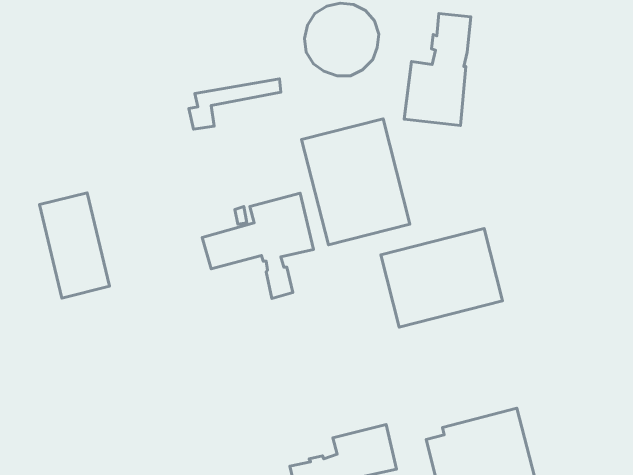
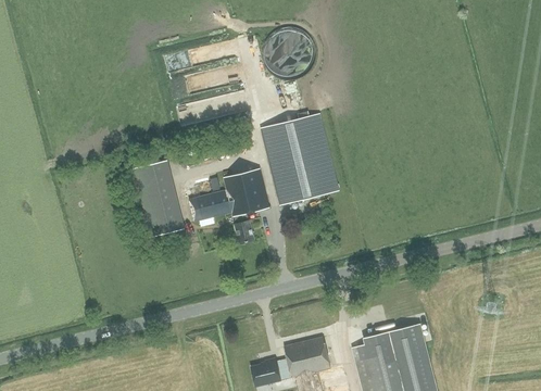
building: [404,13,471,125] -> none
building: [40,193,109,298] -> [134,161,185,238]
building: [381,229,502,327] -> none

